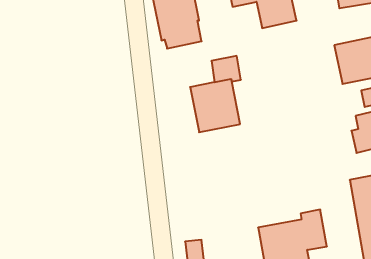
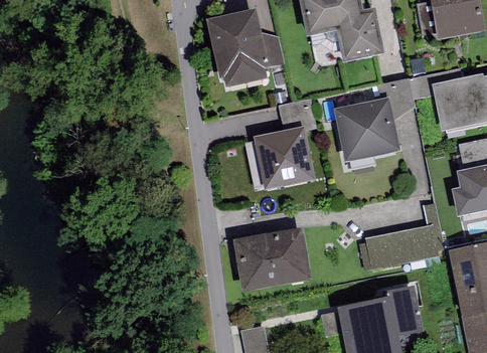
building: none -> [334,98,400,162]
building: none -> [364,219,444,267]
building: none -> [232,228,311,292]

